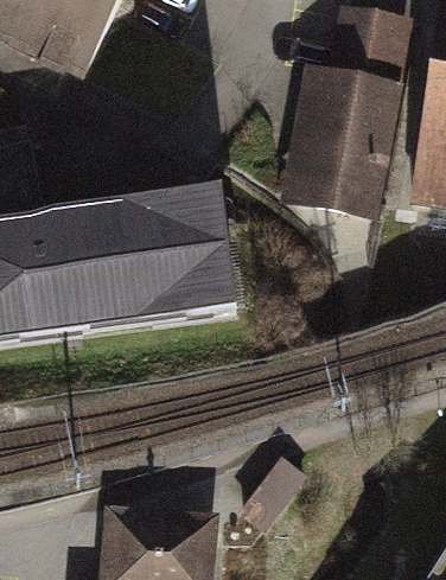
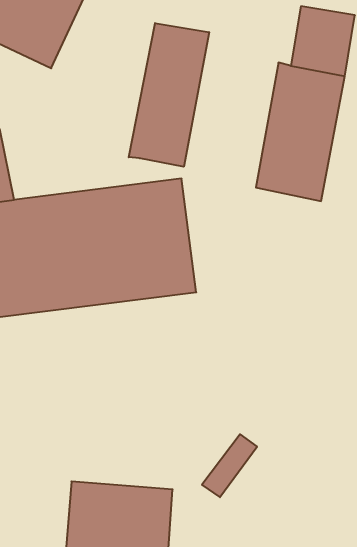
building: none -> [129,23,209,167]

